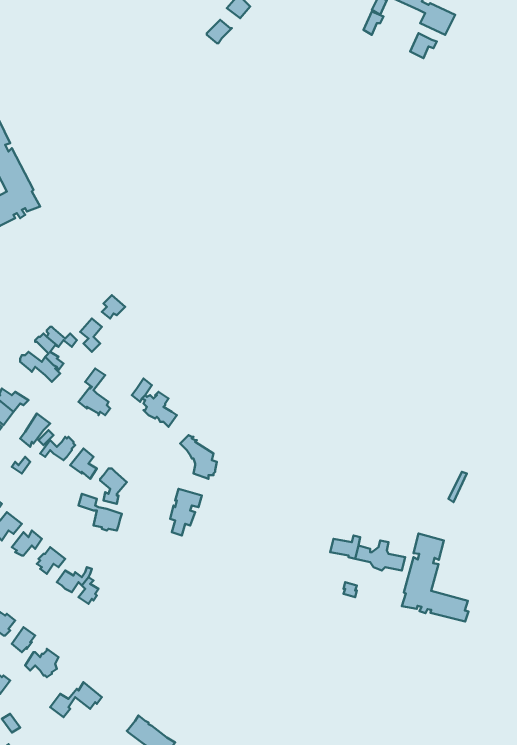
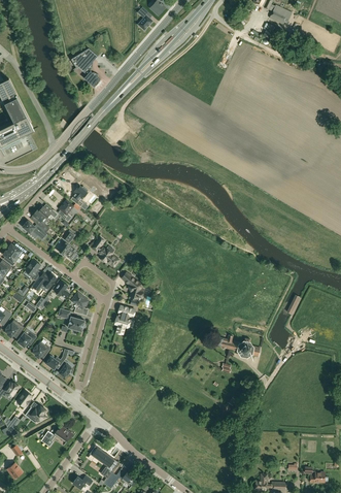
building: none -> [71,47,100,87]
building: [402,533,469,621] -> none

